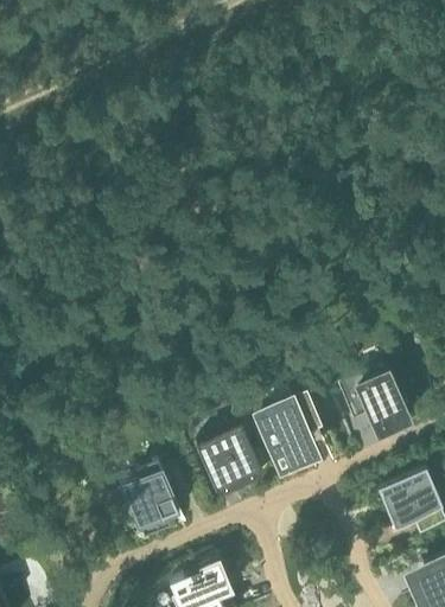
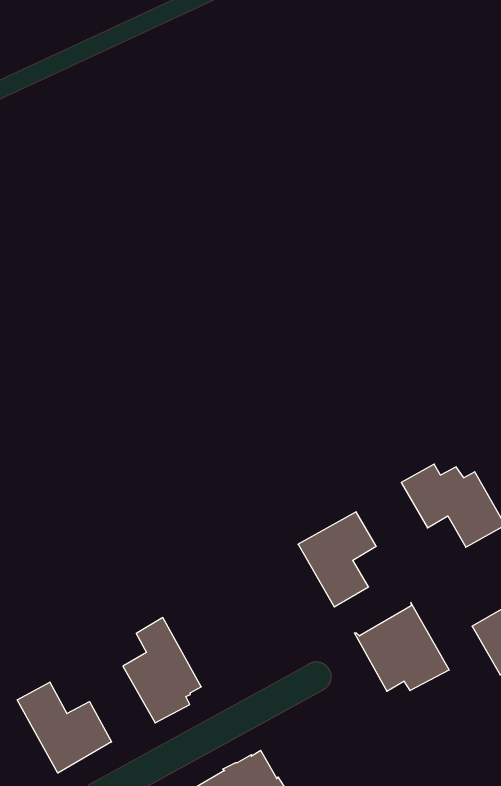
building: [195,423,260,486] -> [354,602,449,691]
building: none -> [17,682,112,773]

